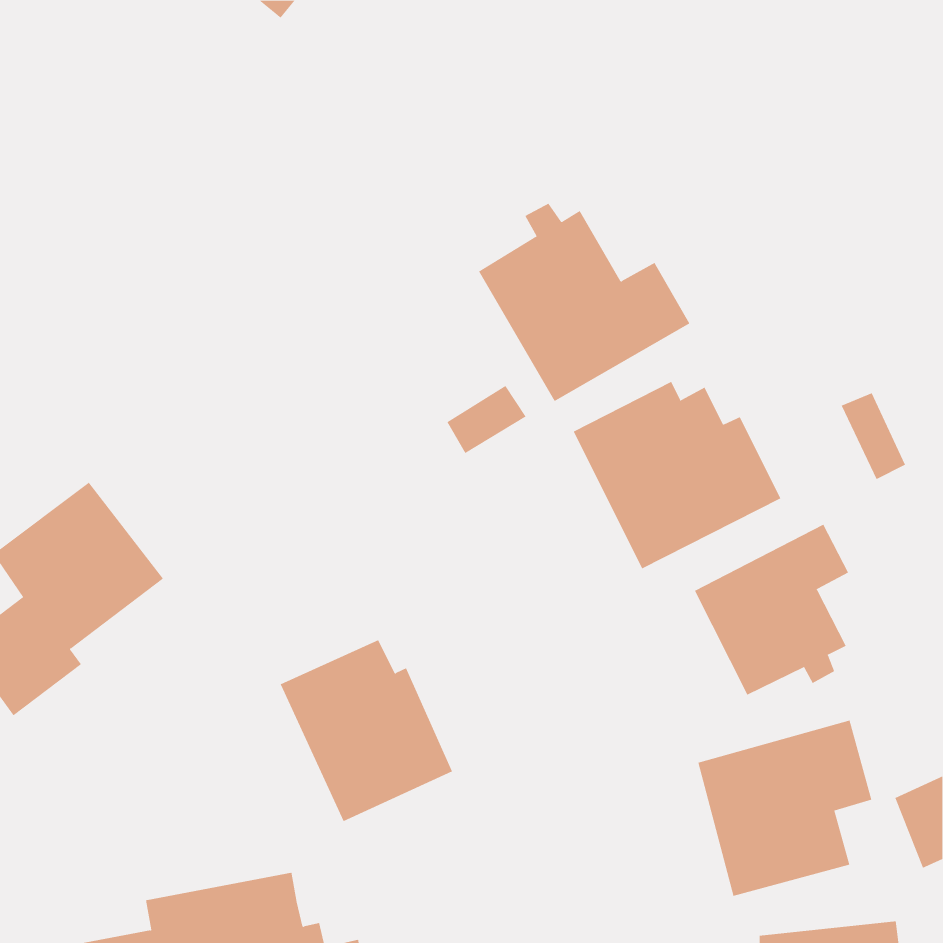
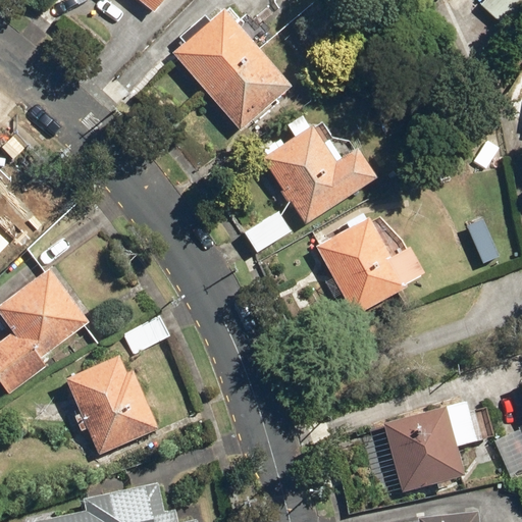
building: none -> [170,8,291,130]
building: [694,524,849,695] -> none
building: [280,639,453,822] -> [63,355,158,455]

